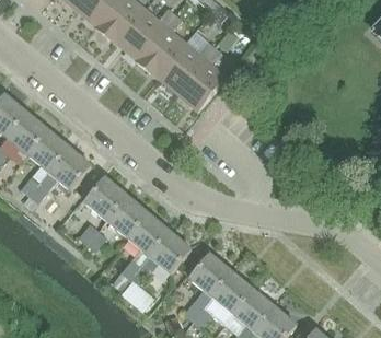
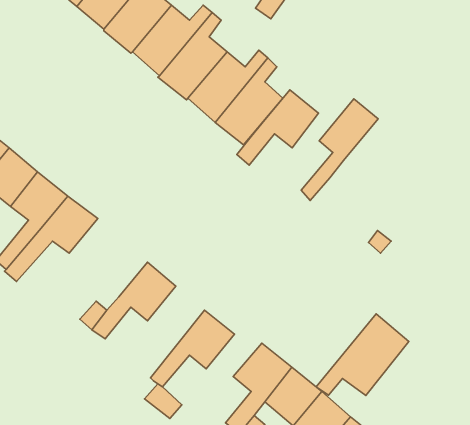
building: none -> [237,90,318,165]
building: none -> [301,99,378,201]
building: [85,177,127,220] -> none
building: [112,212,169,292] -> none
building: none -> [316,314,409,395]

